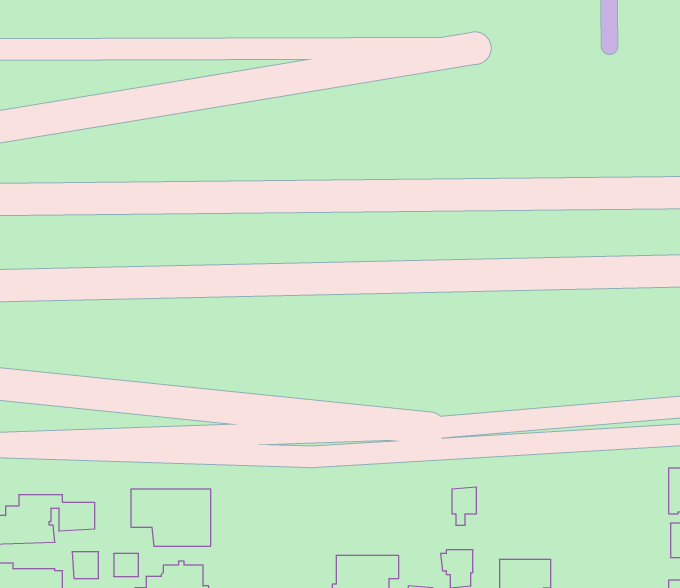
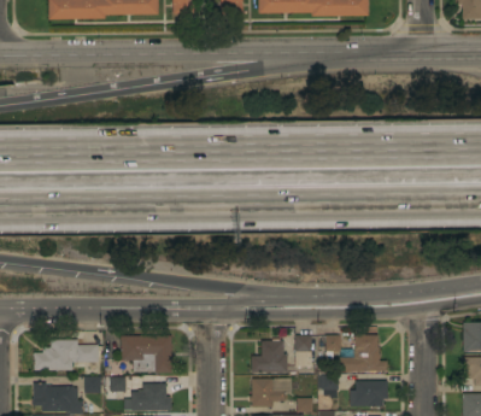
building: none -> [340,334,387,373]
building: none -> [295,335,312,368]
building: none -> [251,340,288,373]

